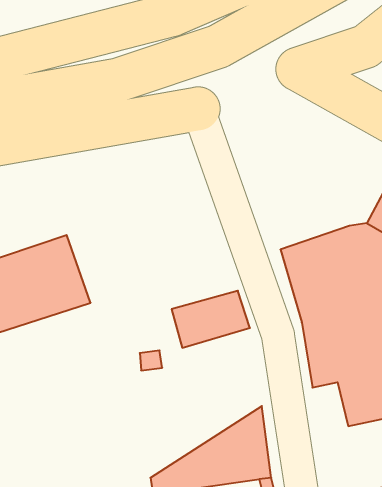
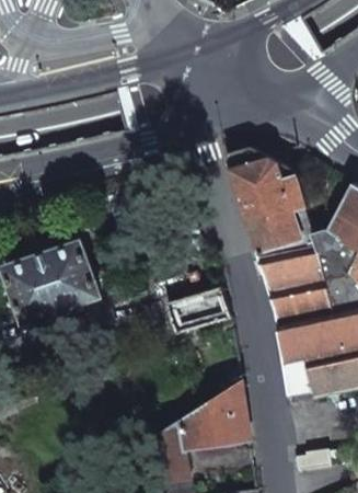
building: none -> [226,146,313,252]

